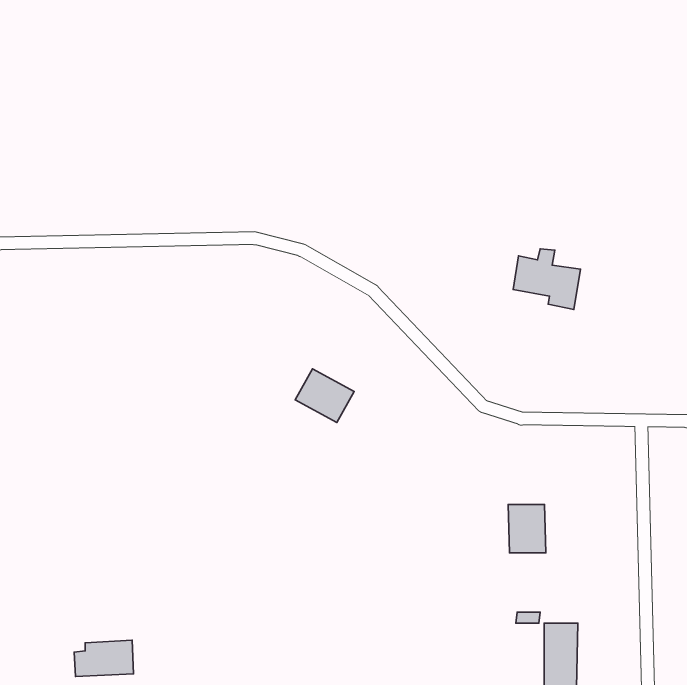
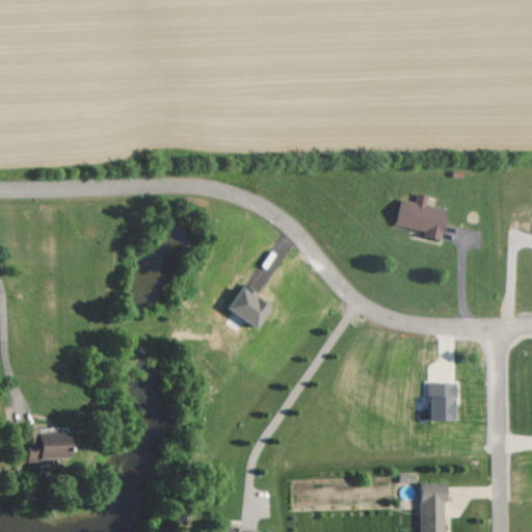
building: [508,505,546,553] -> [428,383,457,421]
building: [74,640,134,677] -> [28,432,74,460]

